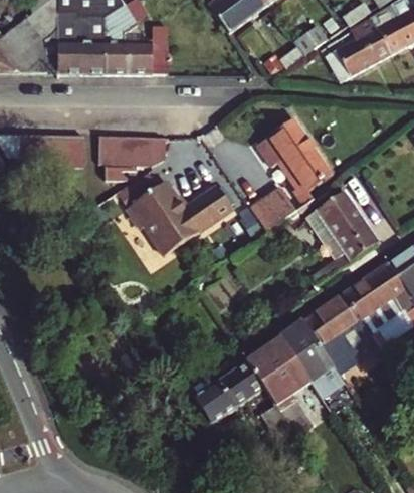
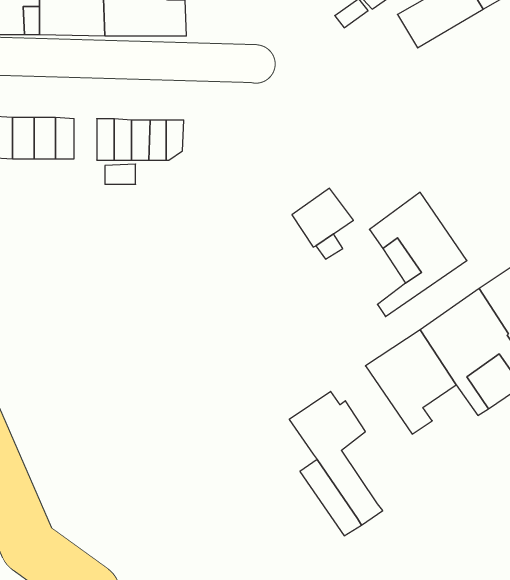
building: [258,116,334,202] -> none
building: [123,184,230,262] -> none
building: [277,319,345,396] -> none
building: [195,359,264,422] -> none

